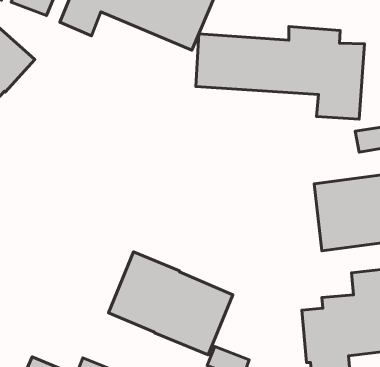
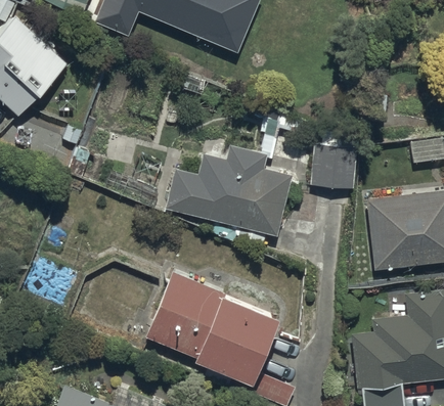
building: [196,27,364,119] -> none
building: none -> [311,141,357,187]
building: none -> [166,143,292,234]

